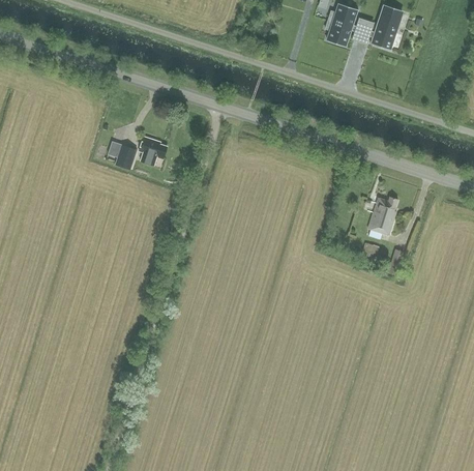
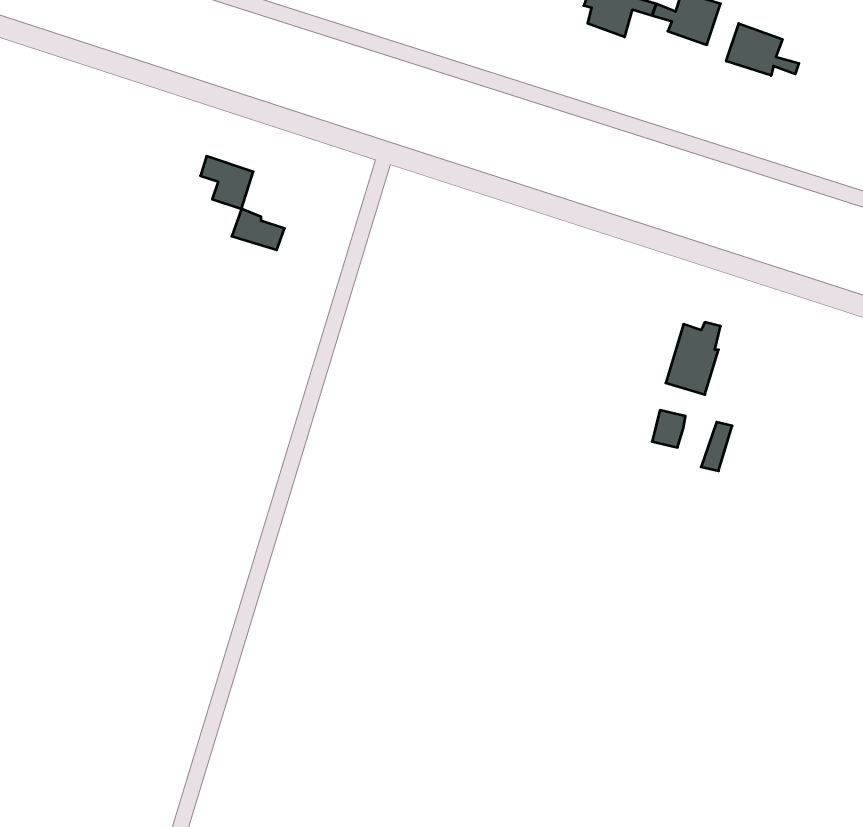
building: none -> [726,23,799,76]
building: [109,141,137,169] -> [200,156,253,209]

